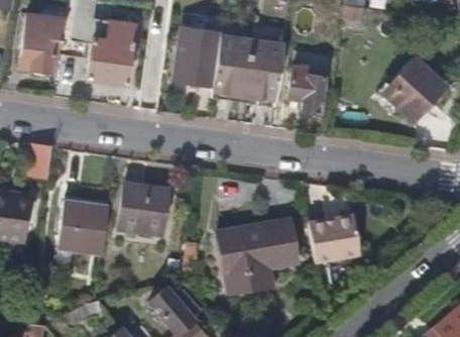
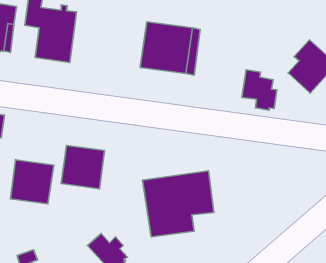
building: [175,28,221,85] -> none
building: [288,66,329,114] -> [242,70,277,110]
building: [309,215,357,261] -> none

